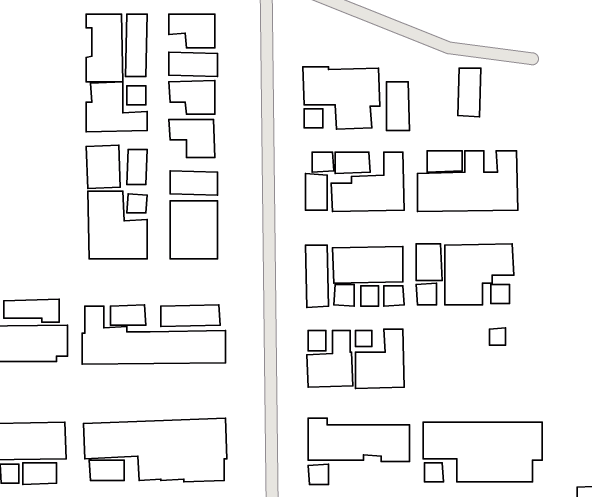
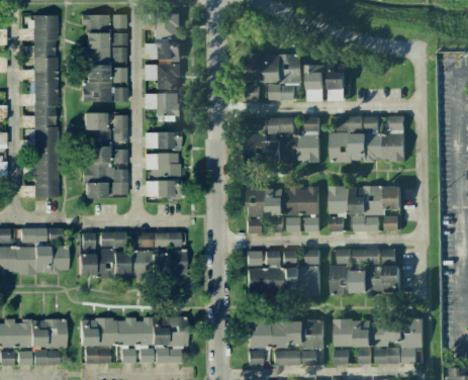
building: none -> [30,15,59,197]
building: [458,68,481,117] -> [329,65,346,101]
building: none -> [331,265,400,293]
building: none -> [275,350,317,366]

